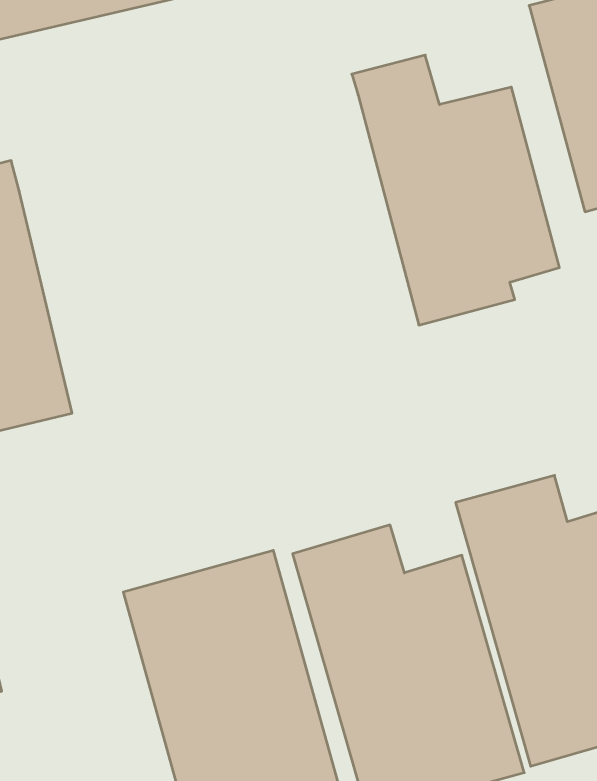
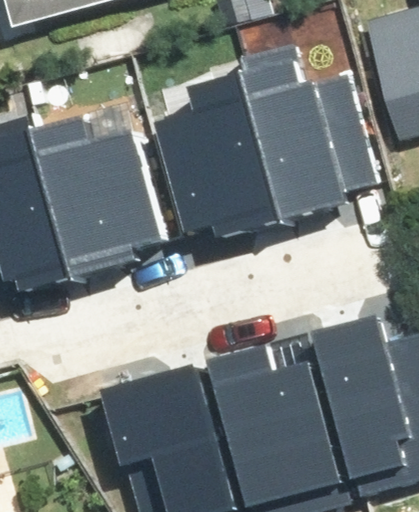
building: none -> [154,74,288,237]
building: none -> [38,122,168,273]

